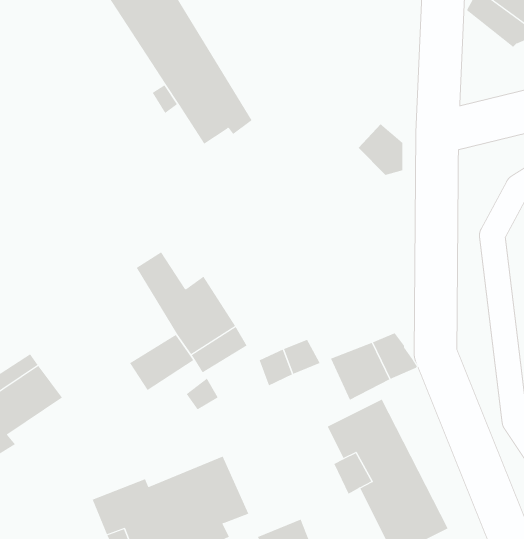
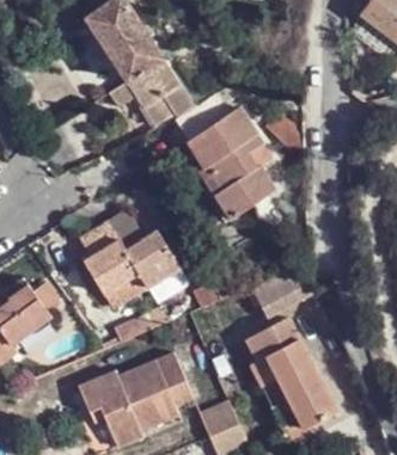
building: none -> [175,104,274,220]
building: none -> [78,219,136,289]

